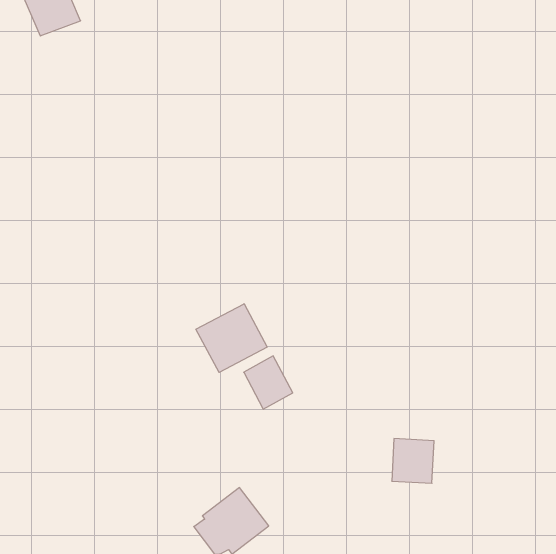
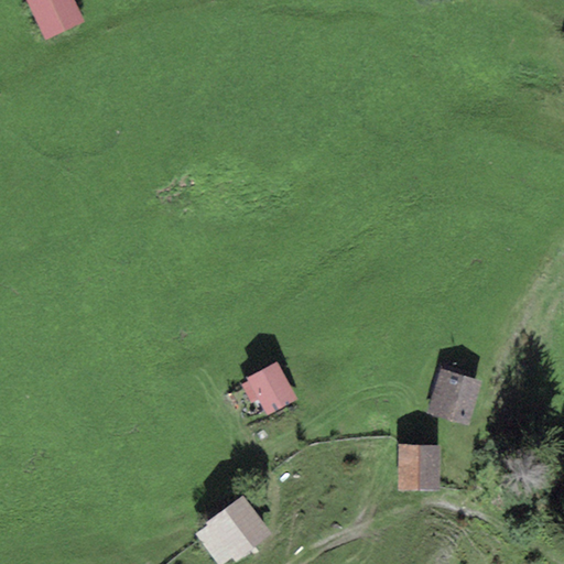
building: [196,304,267,372] -> none
building: none -> [427,368,481,423]

